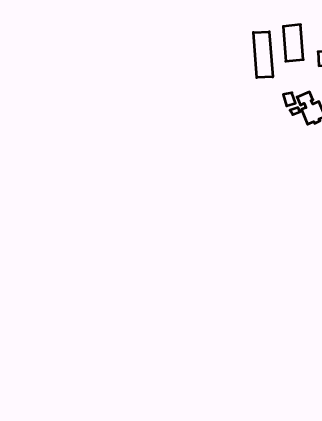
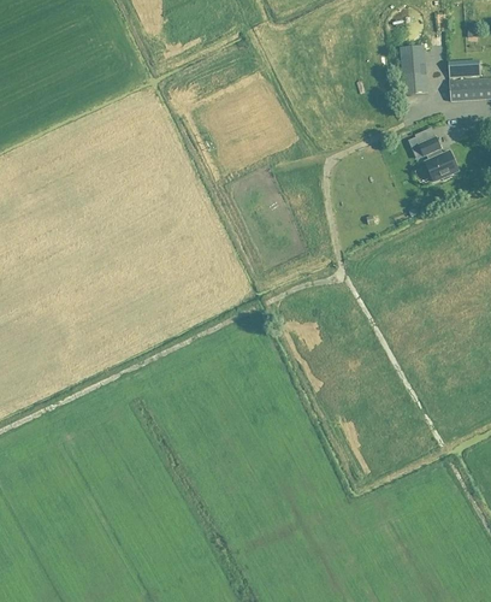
building: [253,32,273,78] -> none

